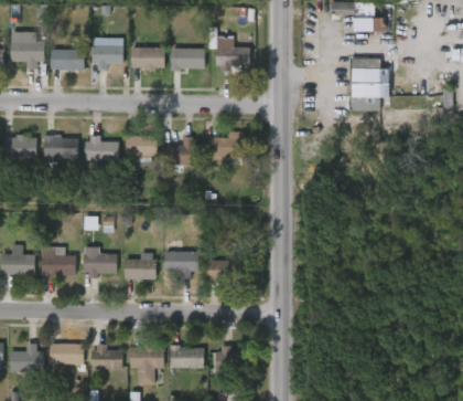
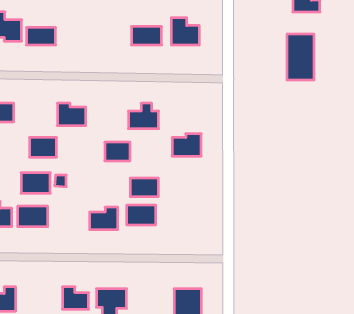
building: [91,44,122,66] -> none
building: [131,48,164,68] -> none
building: [209,131,243,157] -> [172,134,201,156]
building: [43,136,74,158] -> [29,138,57,157]
building: [126,136,154,157] -> [105,142,130,161]
building: [83,254,116,277] -> [21,173,50,193]
building: [206,261,238,282] -> [130,178,158,197]
building: [50,345,83,365] -> none
building: [170,347,203,369] -> none

